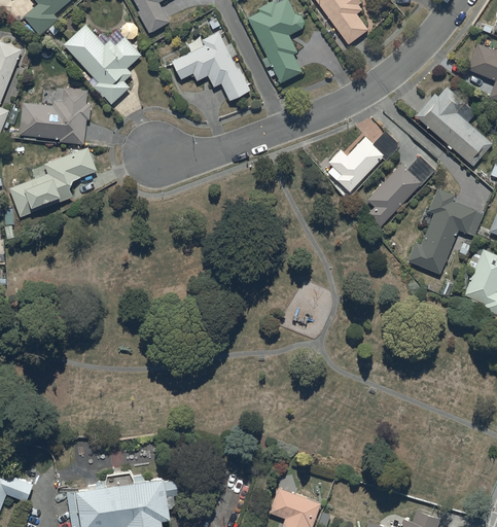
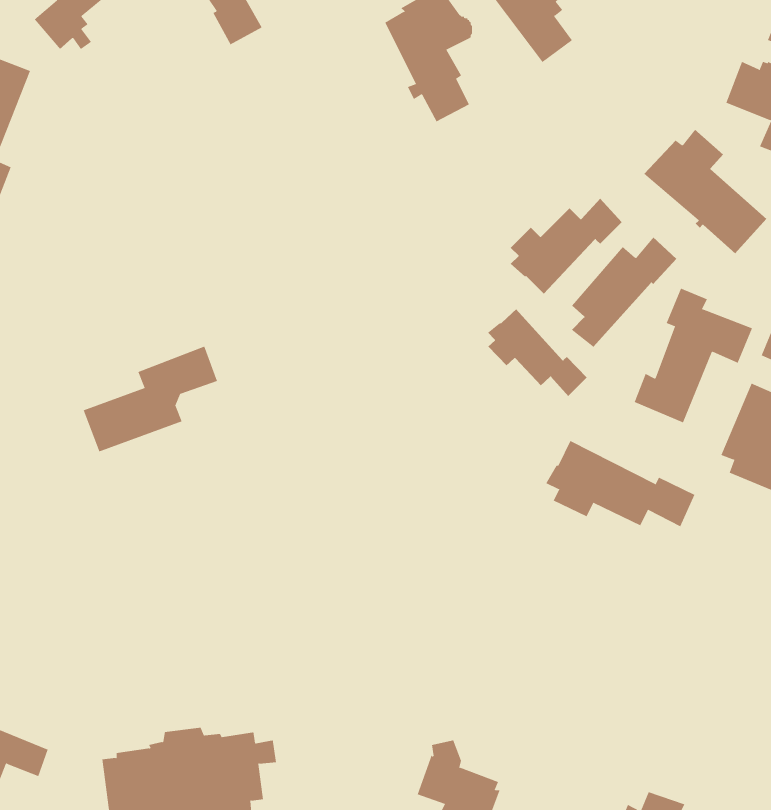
building: [64,24,142,104] -> none
building: [173,32,251,101] -> none
building: [20,89,92,145] -> none
building: [10,148,97,216] -> [83,346,218,452]
building: none -> [487,308,587,397]
building: none -> [545,440,695,527]

